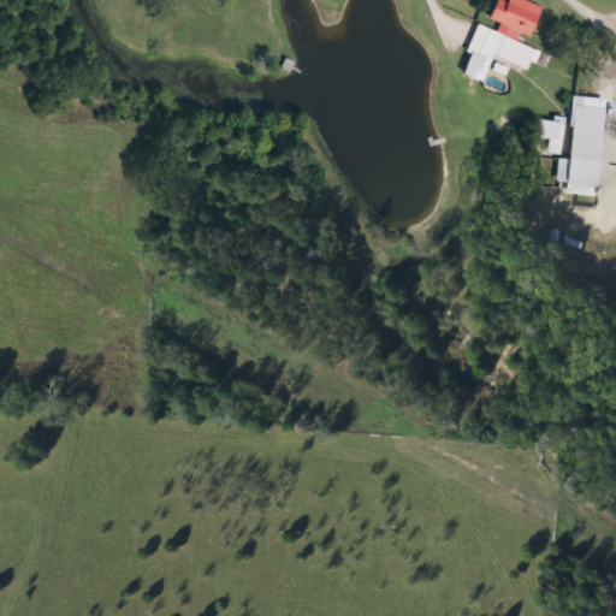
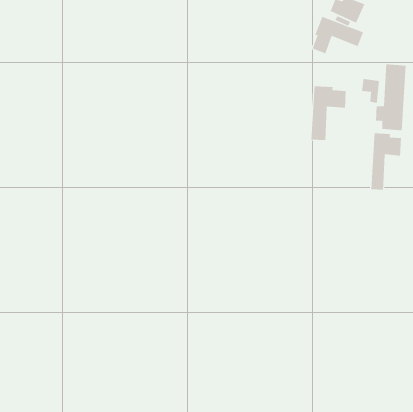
building: none -> [311,85,346,141]
building: none -> [371,133,401,190]

